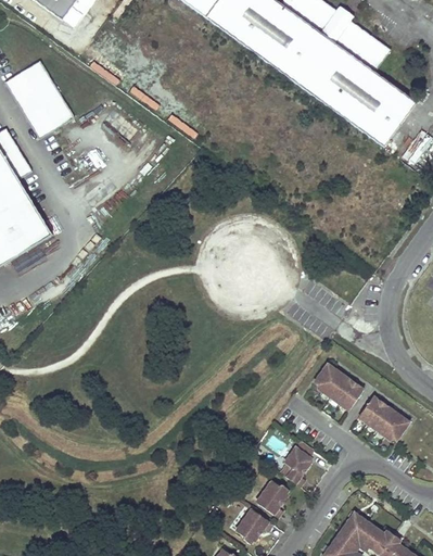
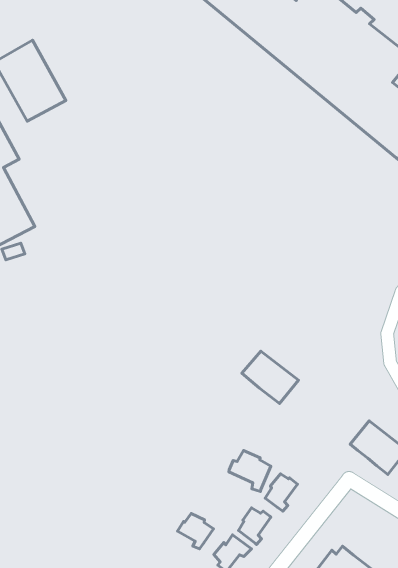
building: [311,362,365,409] -> [242,351,299,403]
building: none -> [229,450,271,492]
building: none -> [177,514,213,549]

